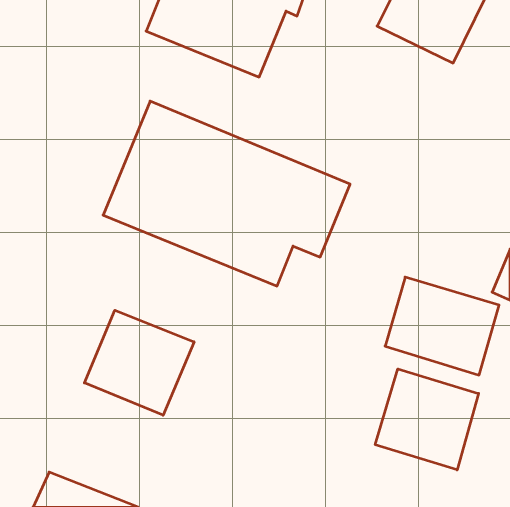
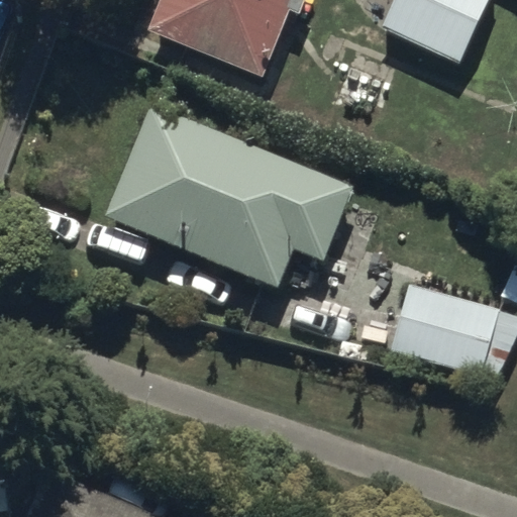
building: [84,310,194,415] -> none
building: [375,369,479,470] -> none

